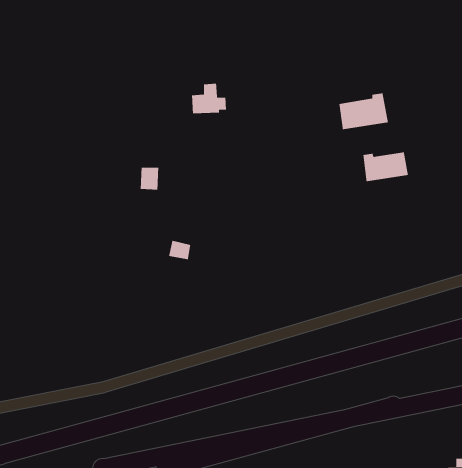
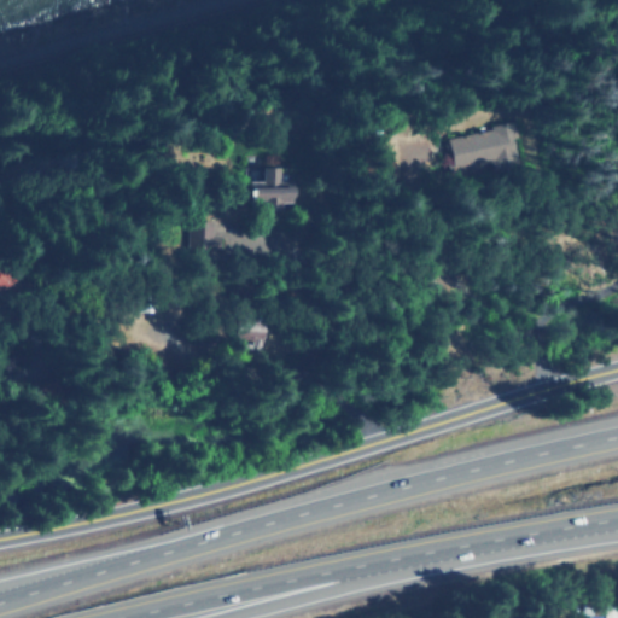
building: [191,83,227,114] -> [250,165,297,206]
building: [362,152,409,182] -> none

